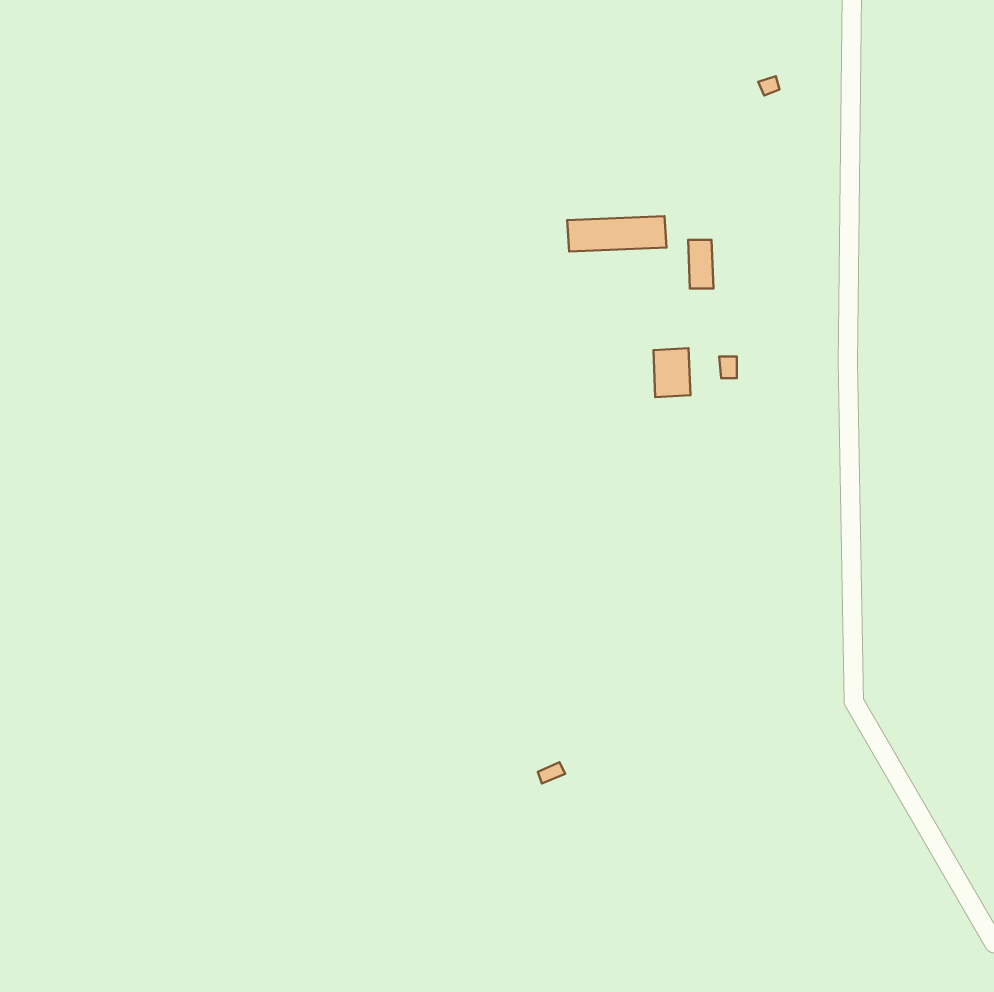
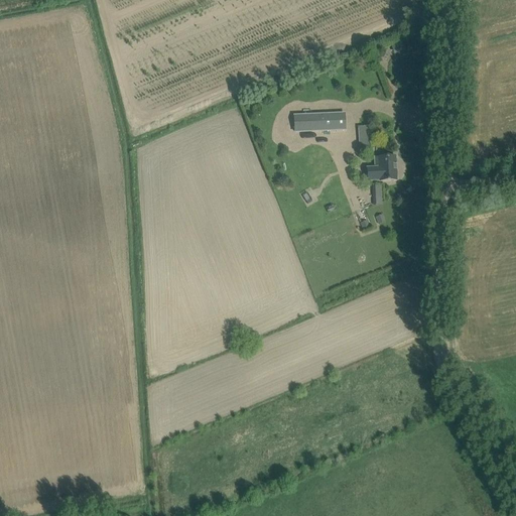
building: [653,348,690,397] -> [377,155,396,180]

